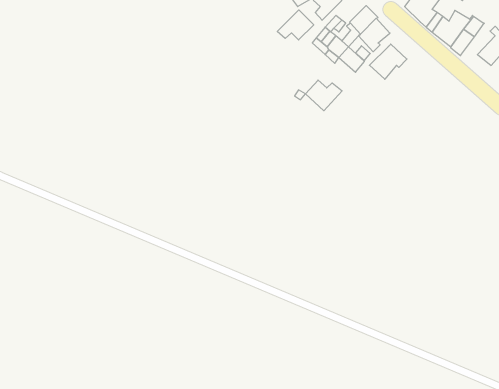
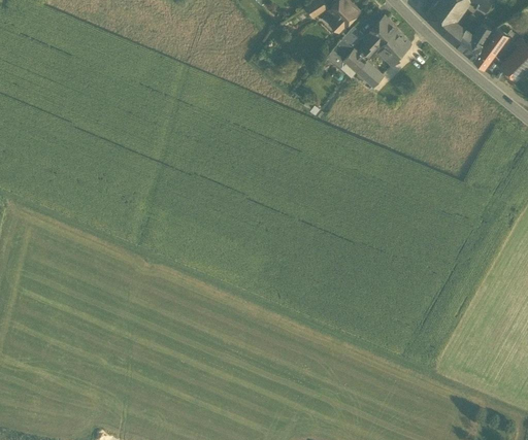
building: [277,10,314,40] -> none
building: [369,44,407,79] -> none
building: [305,80,342,111] -> none

